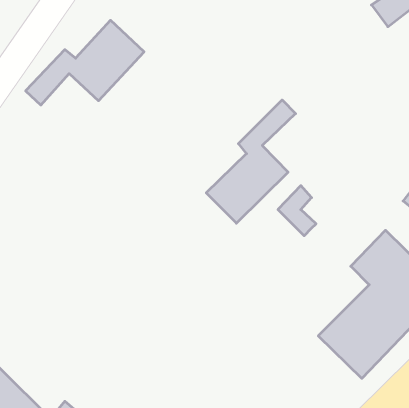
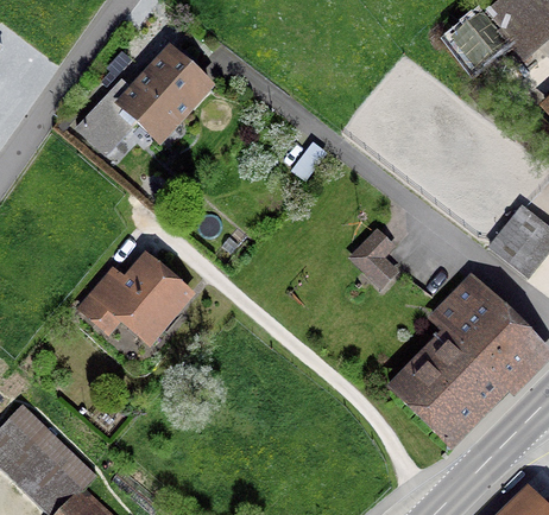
building: [206,100,296,223] -> none
building: none -> [81,259,188,338]

